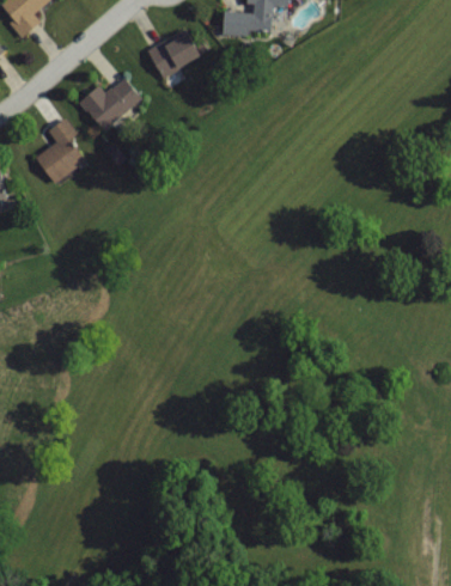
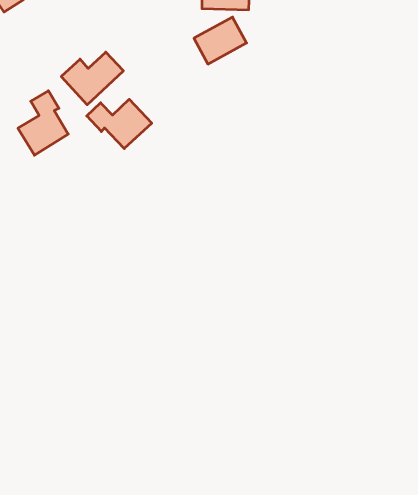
building: [146,30,200,78] -> [194,17,247,64]
building: none -> [87,99,152,149]

